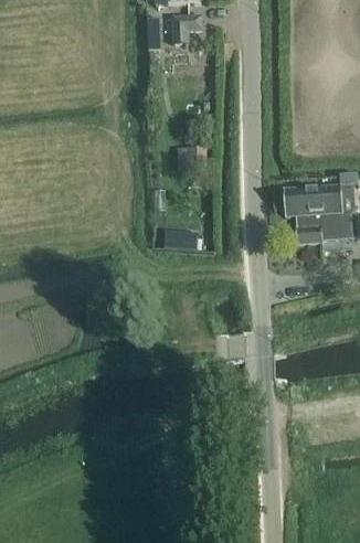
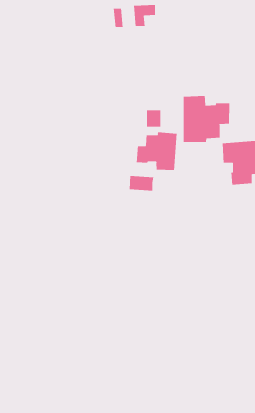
building: none -> [183,95,230,143]
building: none -> [136,132,177,171]

